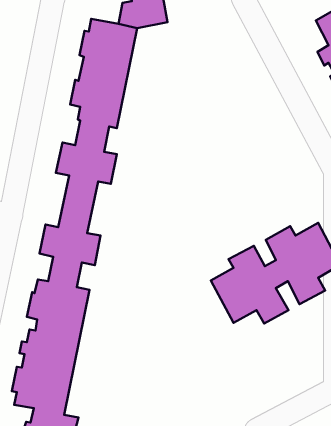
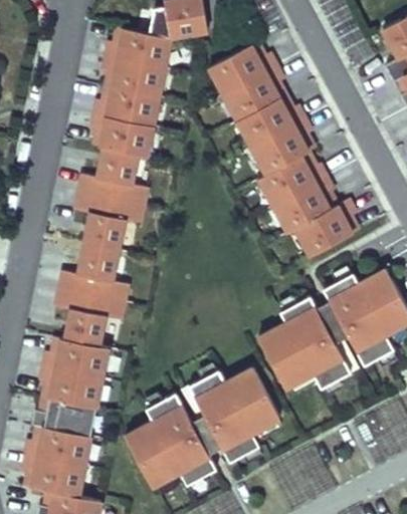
building: none -> [208,41,357,256]
building: none -> [124,367,278,486]

